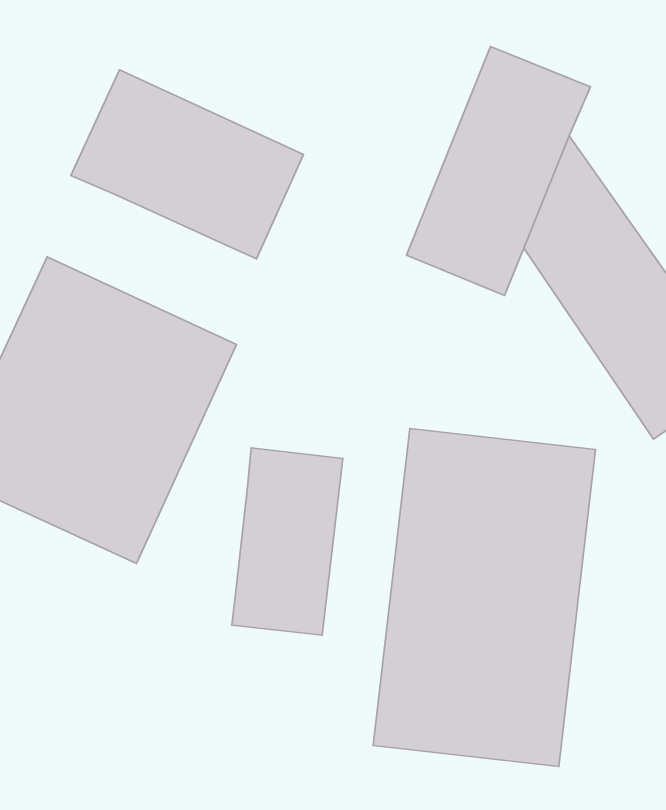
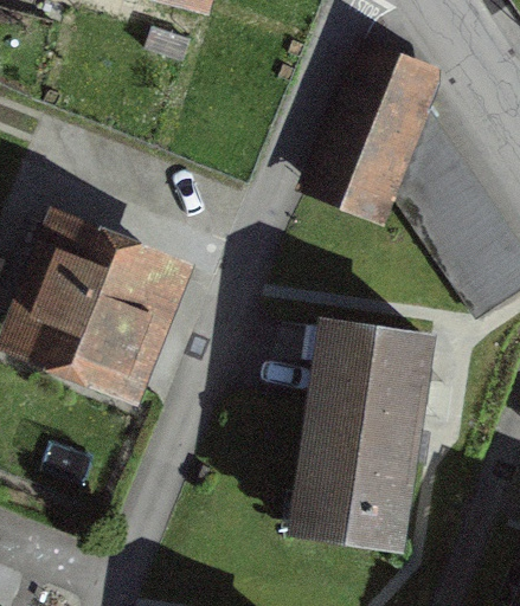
building: [71,70,304,259] -> none
building: [232,448,343,635] -> none

